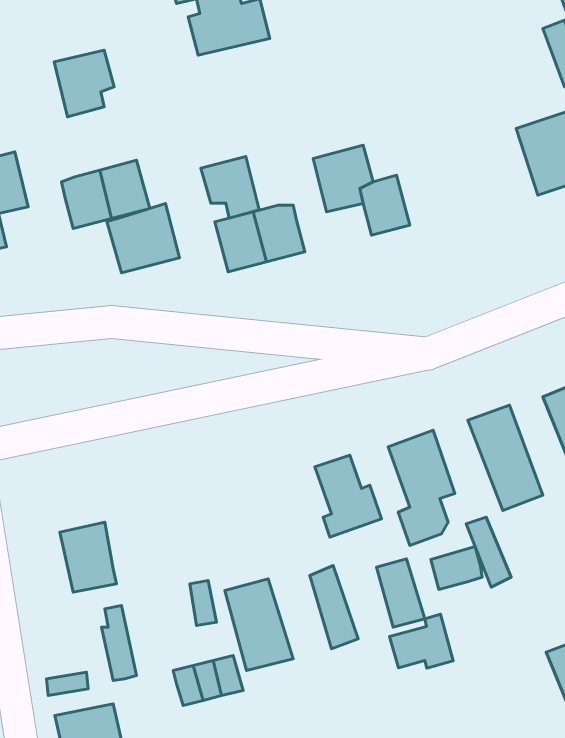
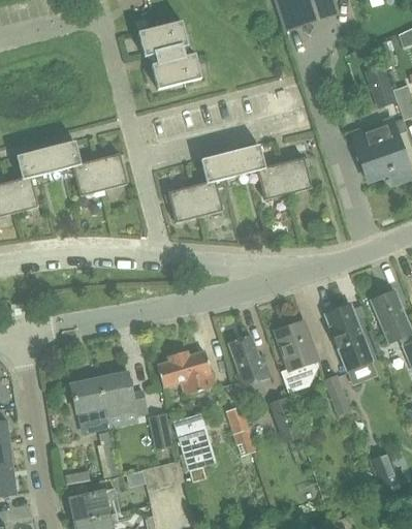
building: [54,50,114,117] -> [43,141,81,182]
building: [201,156,259,218] -> [200,152,236,190]
building: none -> [280,156,312,193]
building: [107,204,180,273] -> none
building: none -> [157,350,216,395]
building: none -> [99,372,149,417]
building: [431,546,482,589] -> none
building: [389,614,453,668] -> none

